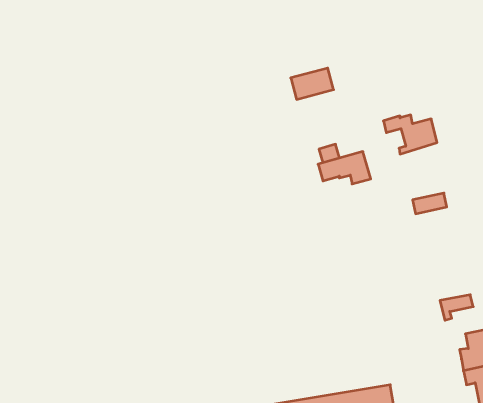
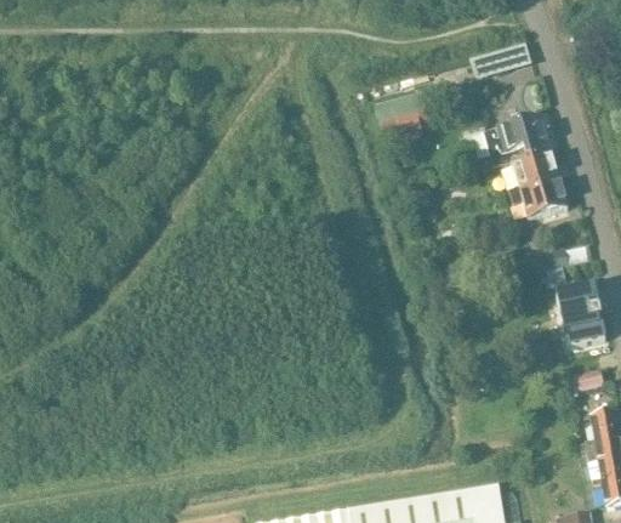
building: none -> [513,182,566,221]
building: [318,152,371,184] -> [486,119,552,159]
building: none -> [557,291,608,349]

